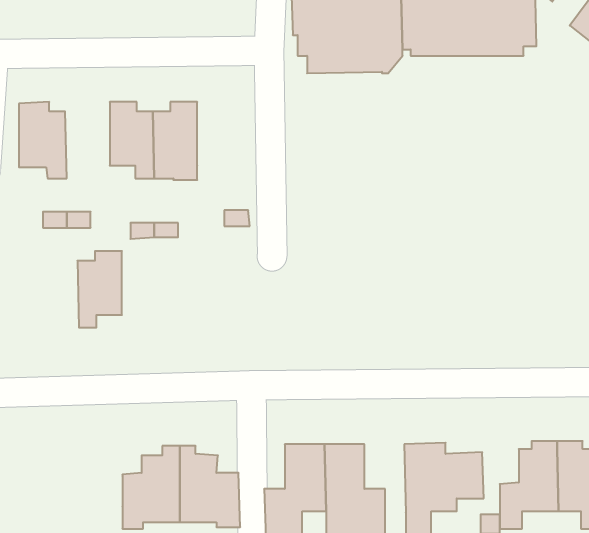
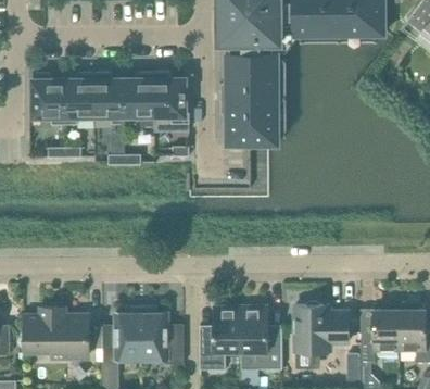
building: none -> [219,52,284,145]
building: none -> [153,73,189,124]
building: [77,251,122,328] -> [63,73,93,125]
building: none -> [24,308,89,360]

